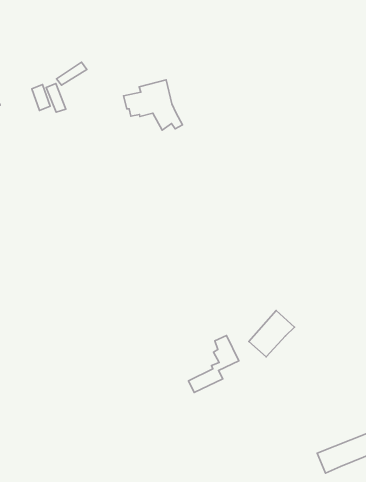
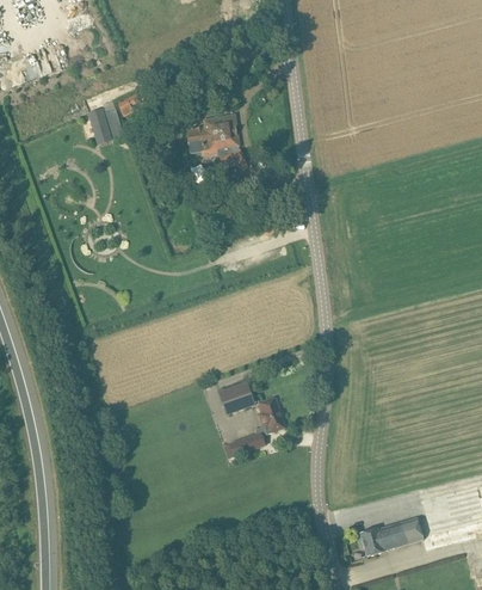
building: [249,311,295,357] -> none
building: none -> [216,381,253,414]

